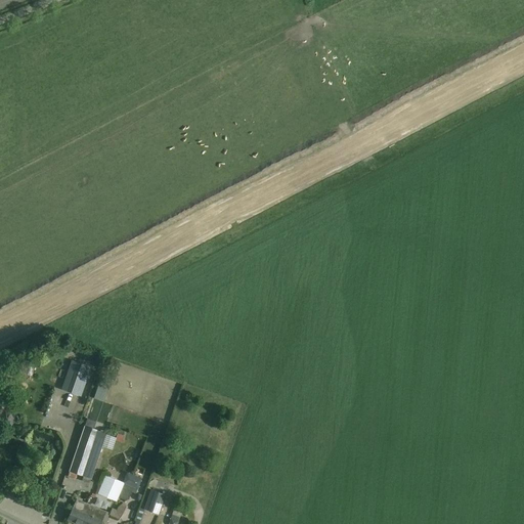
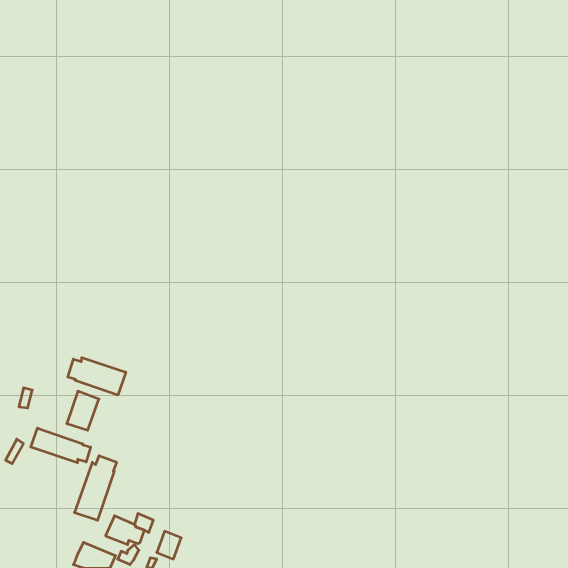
building: none -> [68,358,126,395]
building: none -> [31,428,91,463]

